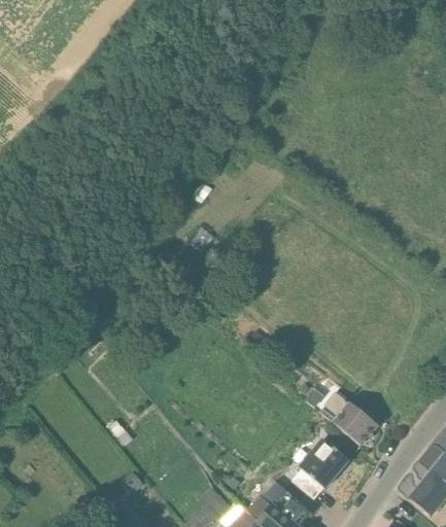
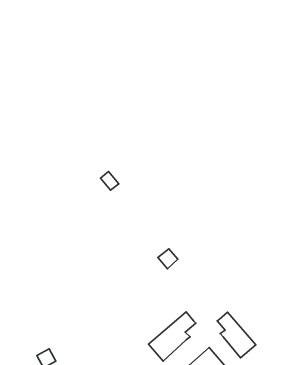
building: none -> [148,312,196,361]

